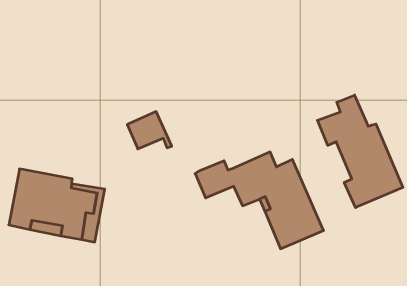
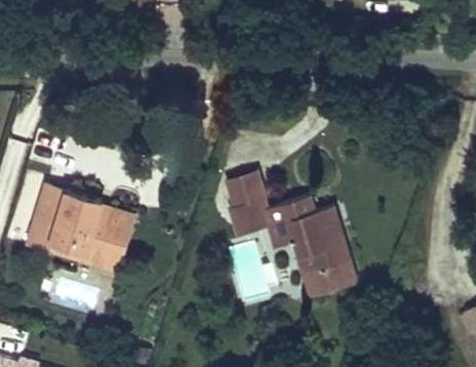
building: [317,95,403,208] -> none
building: [127,112,172,149] -> [225,170,269,209]

